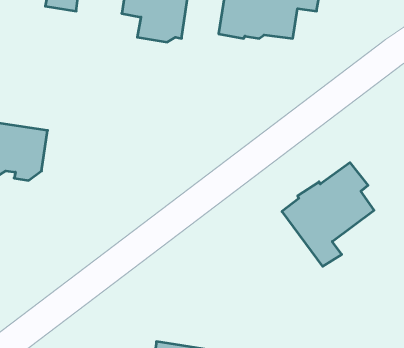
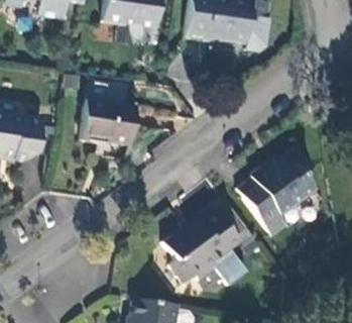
building: none -> [81,99,137,145]
building: none -> [163,205,240,283]

